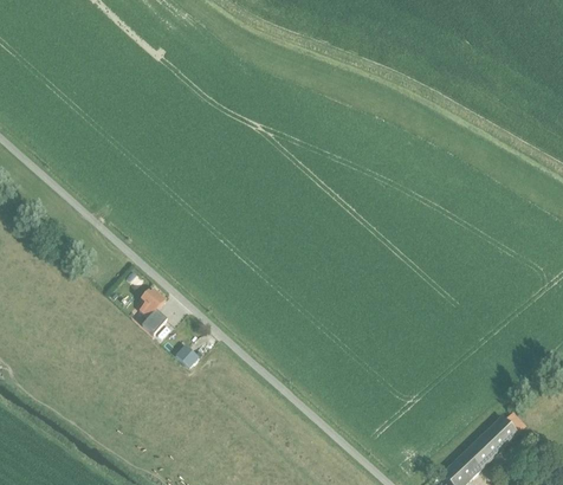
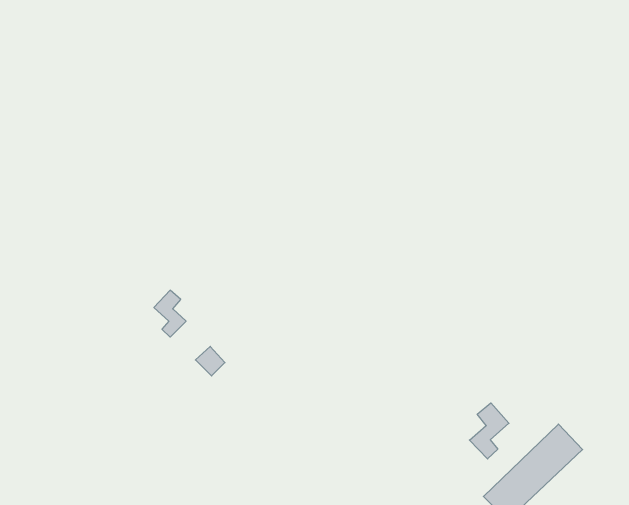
building: none -> [469,403,509,459]

